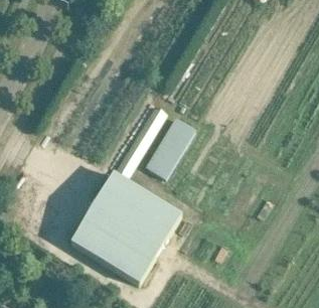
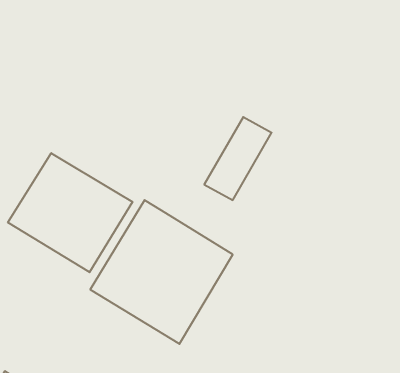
building: none -> [8,153,132,272]

